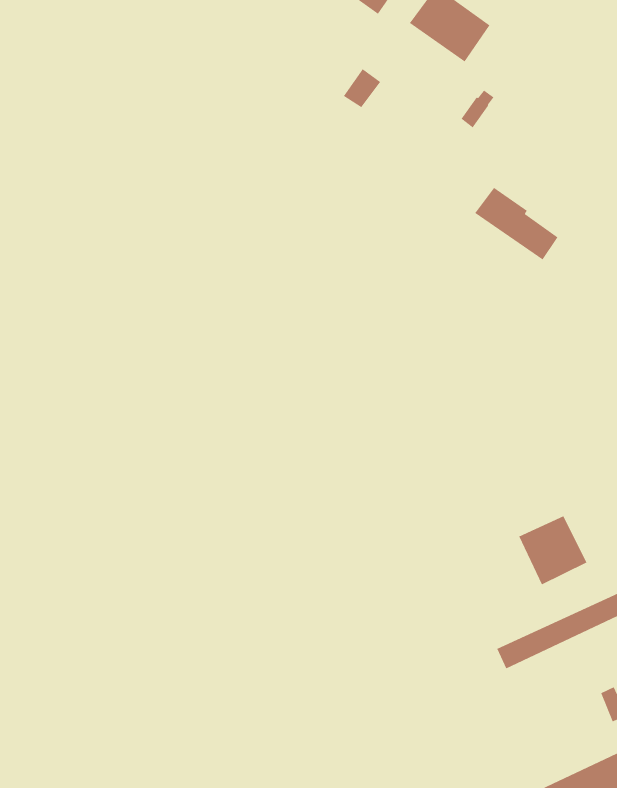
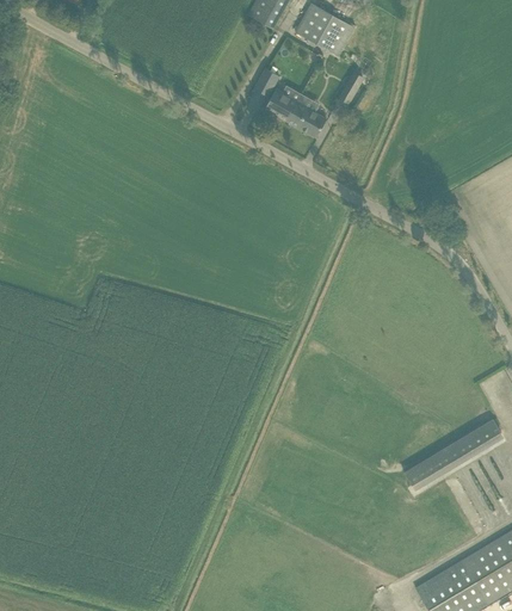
building: [474,187,559,261] -> [265,88,327,137]
building: [518,515,588,586] -> none

